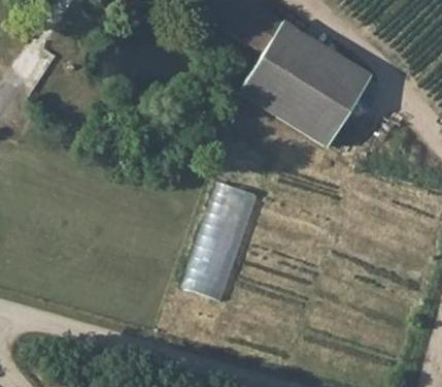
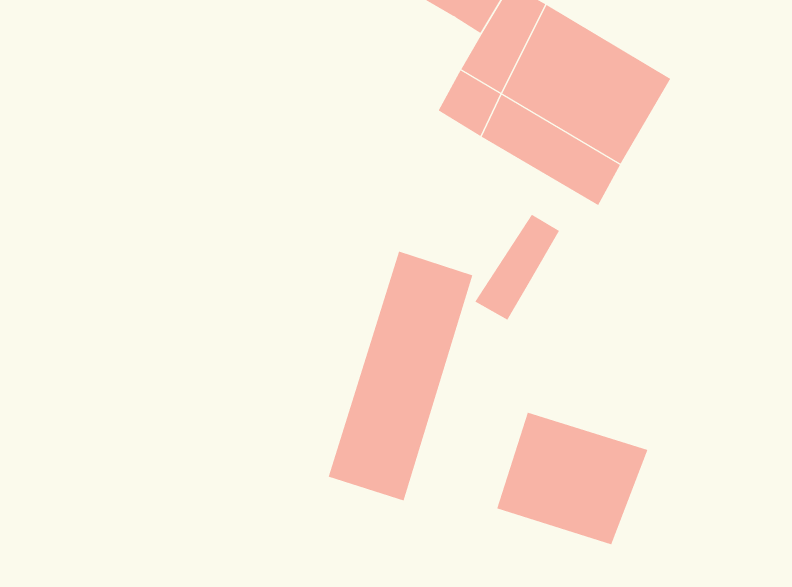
building: none -> [475,214,560,321]
building: none -> [497,412,648,545]

